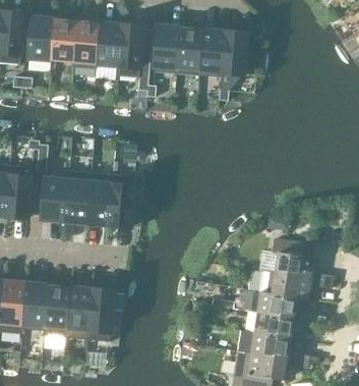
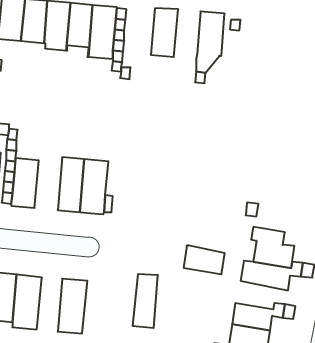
building: [153,26,179,73] -> none
building: [197,30,223,77] -> none
building: [63,170,89,223] -> none
building: [65,288,89,340] -> [133,274,158,328]
building: [256,291,296,319] -> [184,246,225,274]

